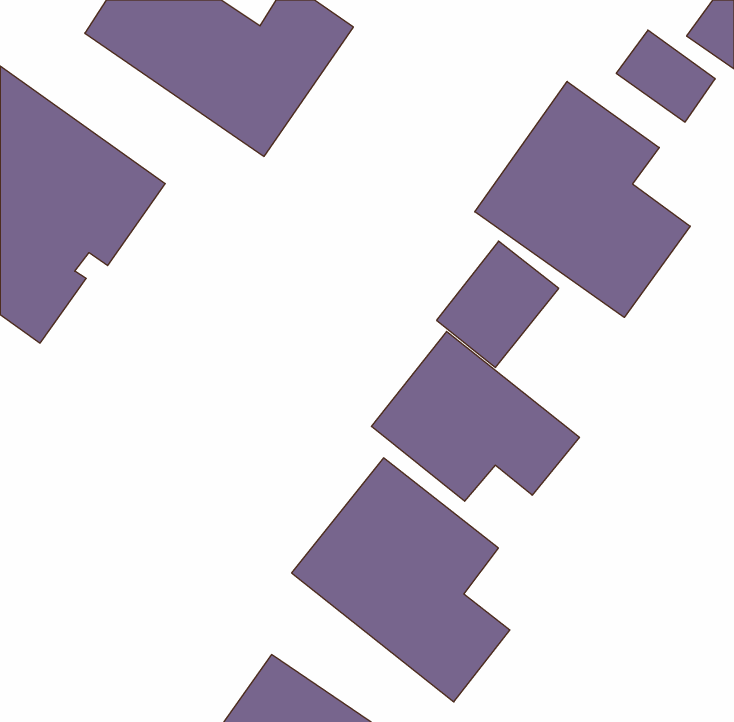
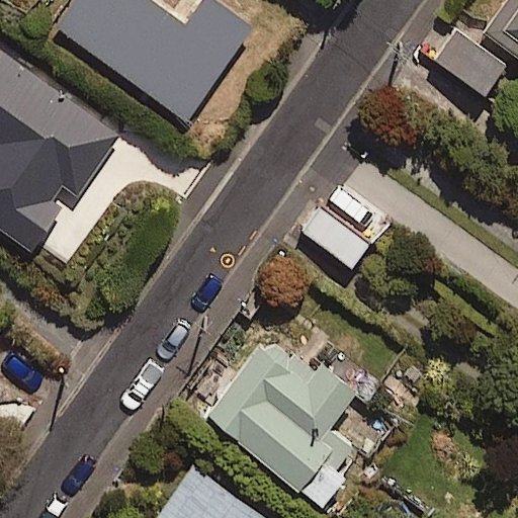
building: [475,81,690,317] -> none
building: [371,331,579,501] -> none

